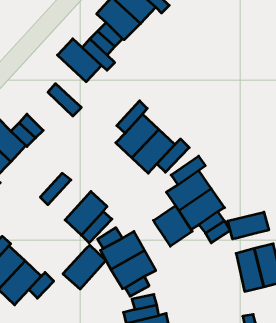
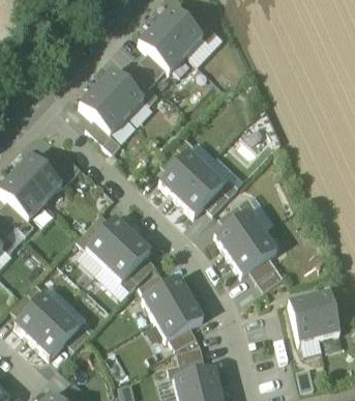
building: none -> [81,86,128,133]
building: [153,206,192,246] -> none
building: [228,212,269,239] -> none
building: [63,245,106,289] -> [87,218,134,265]

